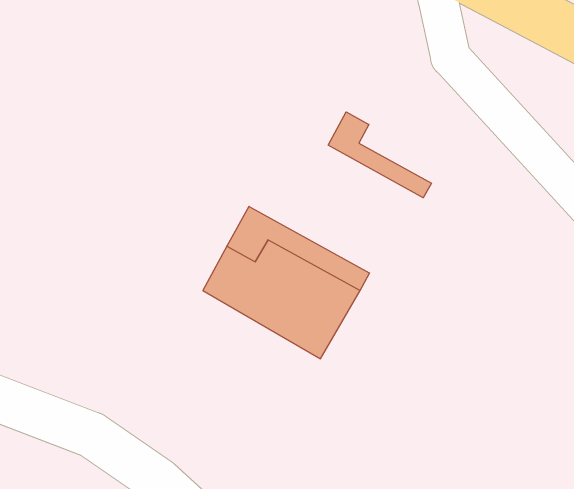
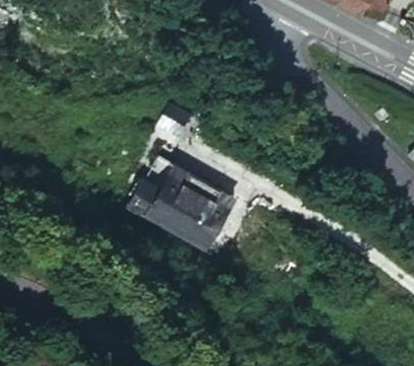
building: [328,112,431,198] -> none

